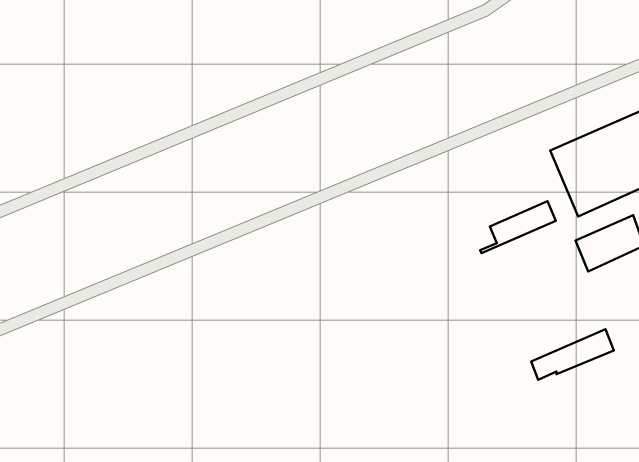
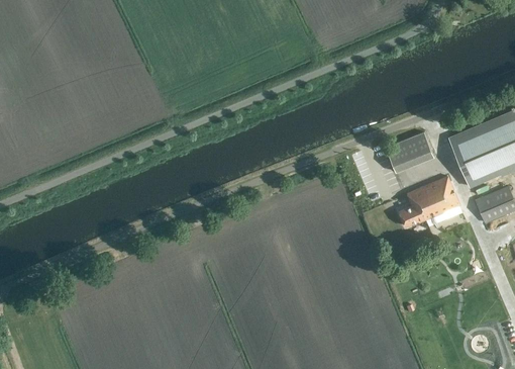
building: none -> [386,131,433,171]
building: [531,329,614,380] -> [400,189,459,225]

